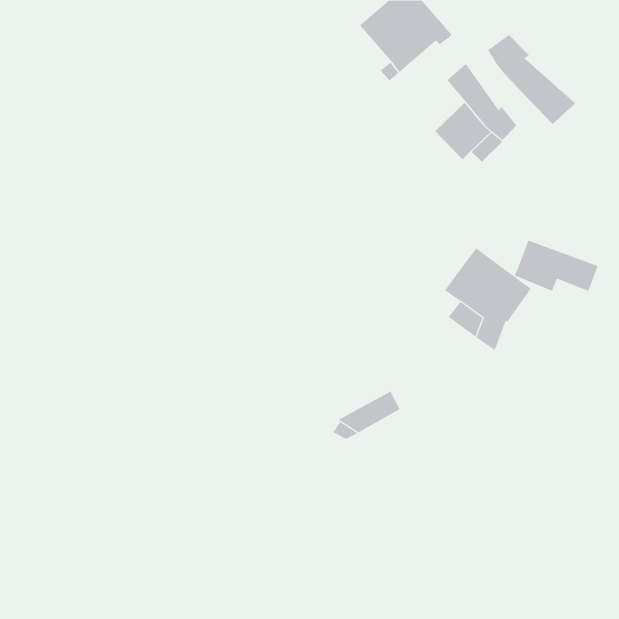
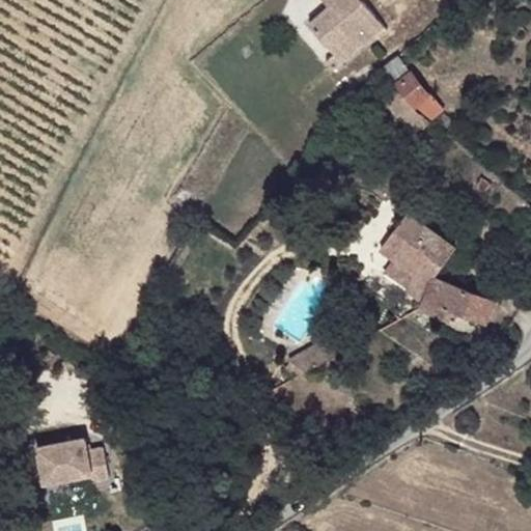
building: [487,34,576,125] -> none
building: [514,239,599,291] -> [420,276,493,320]
building: none -> [36,440,109,484]

